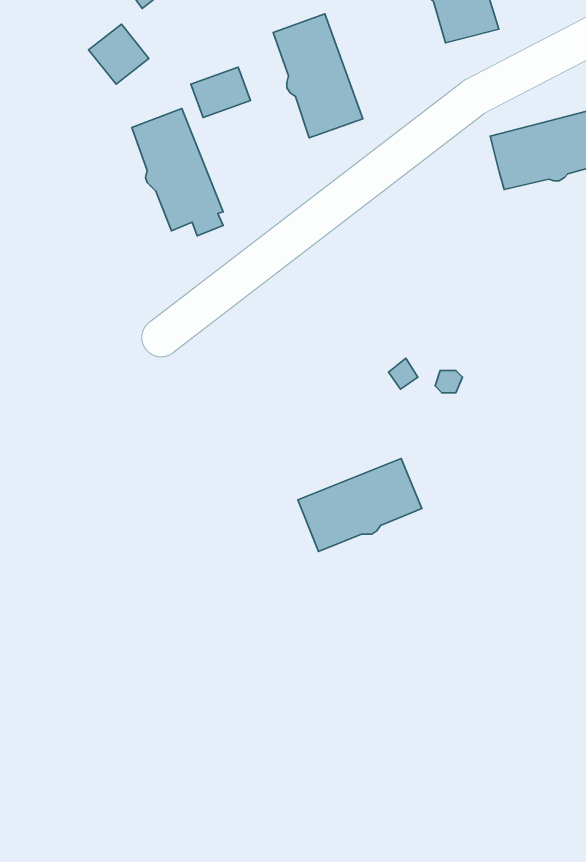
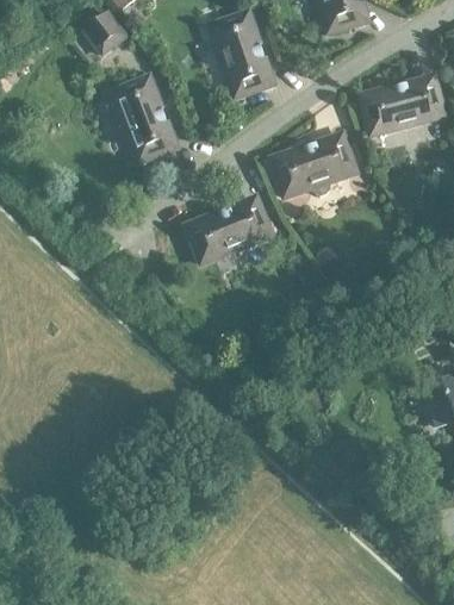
building: [191,67,251,118] -> none
building: none -> [272,135,356,197]
building: [298,458,422,551] -> [186,198,272,262]

